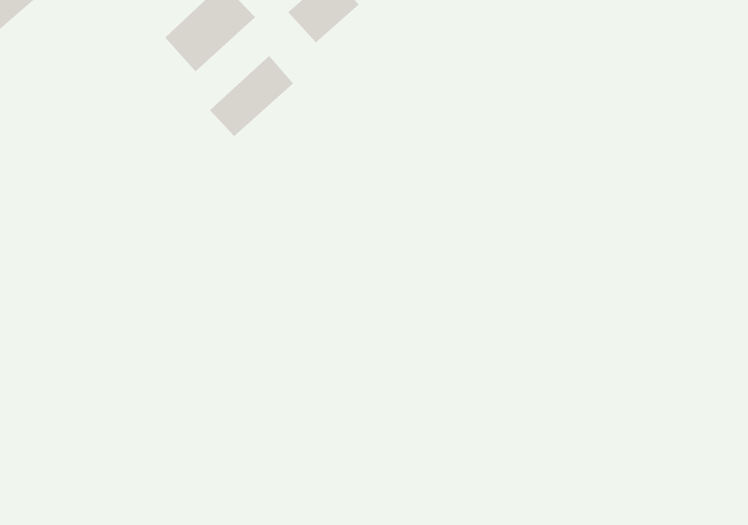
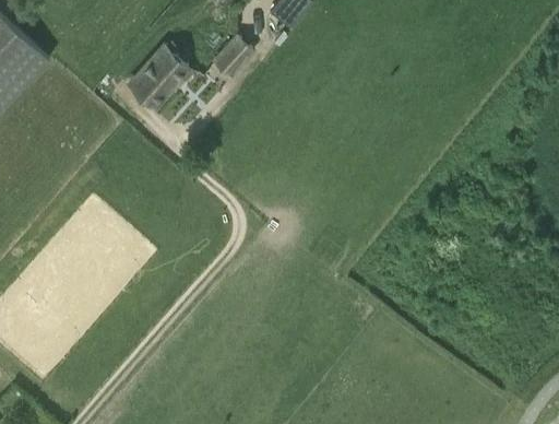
building: [209,55,294,137] -> none

